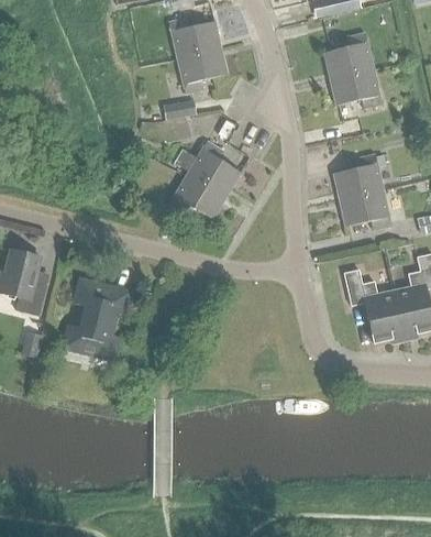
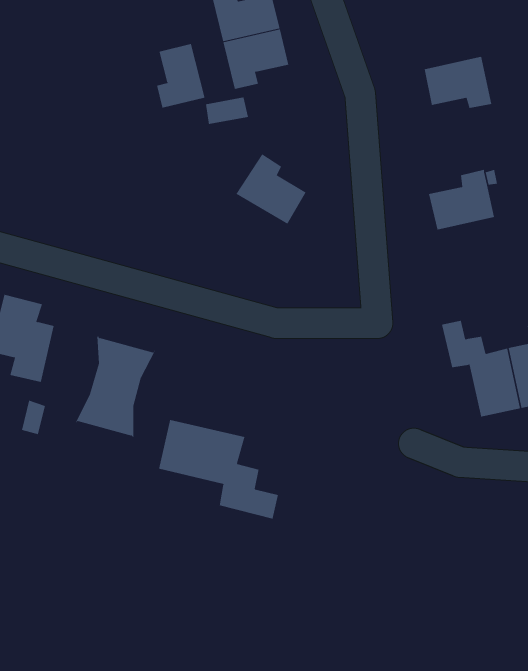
building: [323,32,374,78] -> none
building: none -> [156,43,205,108]
building: [168,173,226,220] -> none
building: [340,190,391,230] -> none
building: none -> [158,419,279,519]

